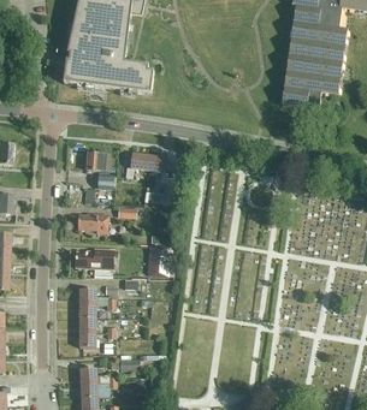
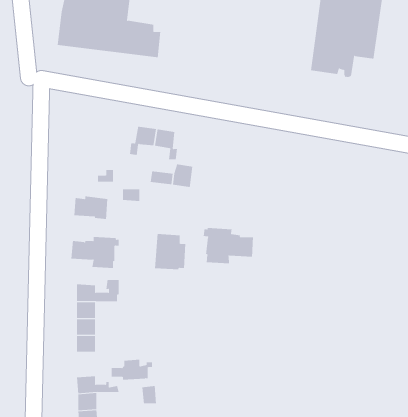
building: [85,151,112,183] -> none
building: none -> [203,227,253,264]

